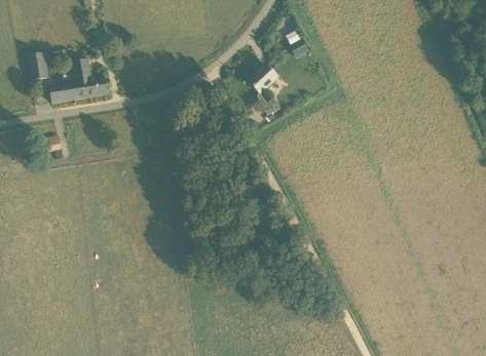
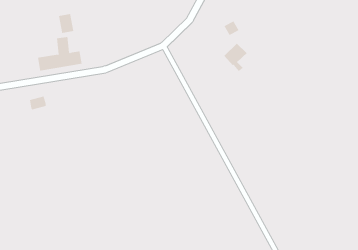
building: [27,52,47,78] -> [58,14,74,34]
building: [248,64,278,101] -> [223,43,247,72]

